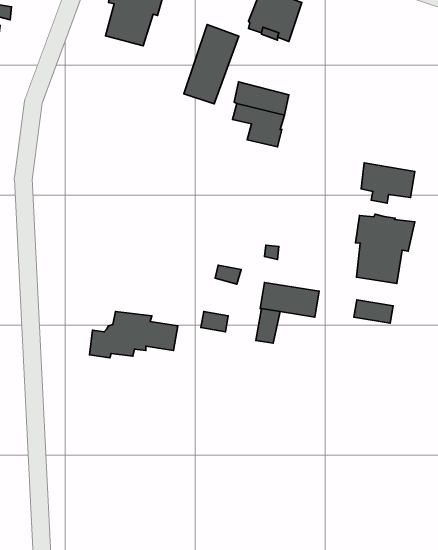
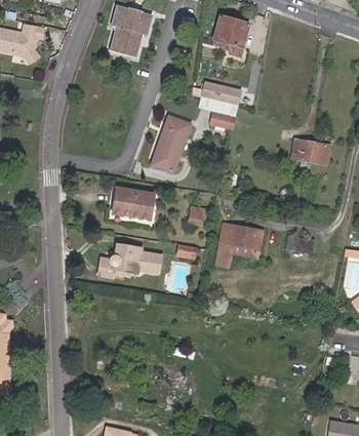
building: [184,24,239,104] -> [152,115,191,171]
building: [355,214,415,283] -> none
building: none -> [113,188,153,220]

